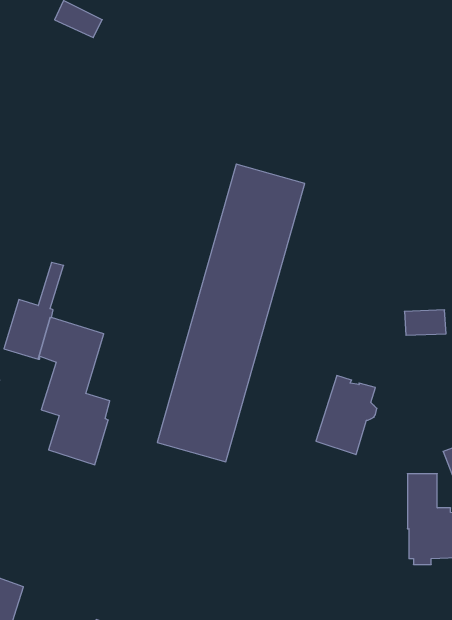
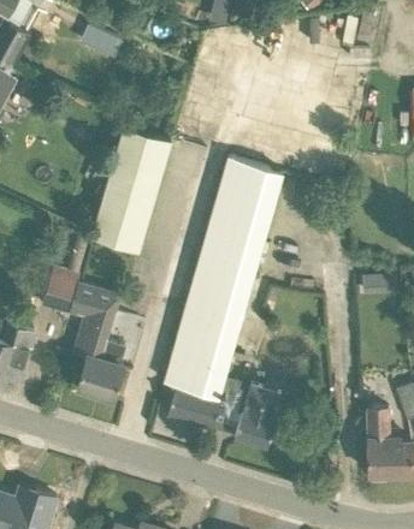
building: none -> [91,125,172,251]
building: [316,376,377,455] -> [235,381,284,445]
building: none -> [167,386,223,428]

